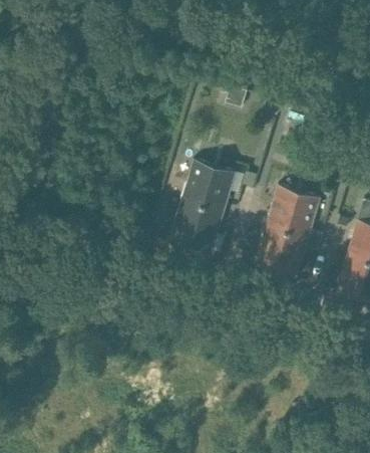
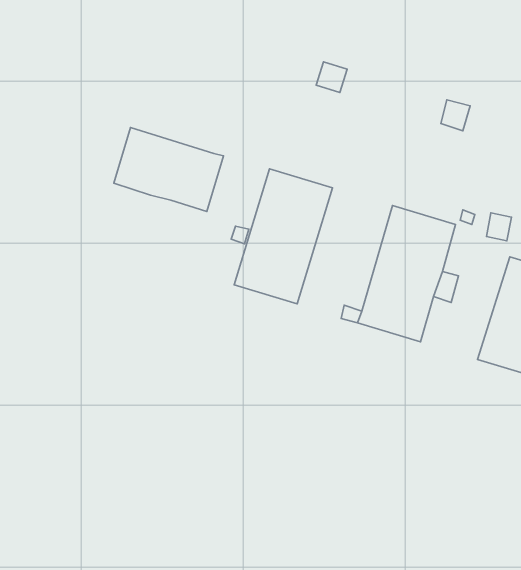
building: none -> [114,127,224,212]

